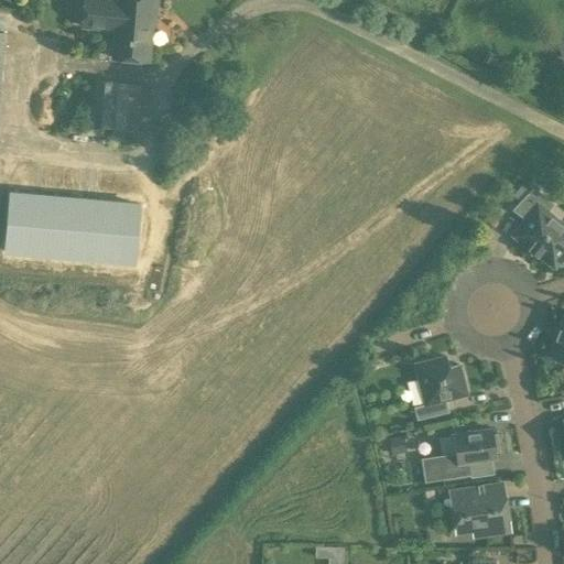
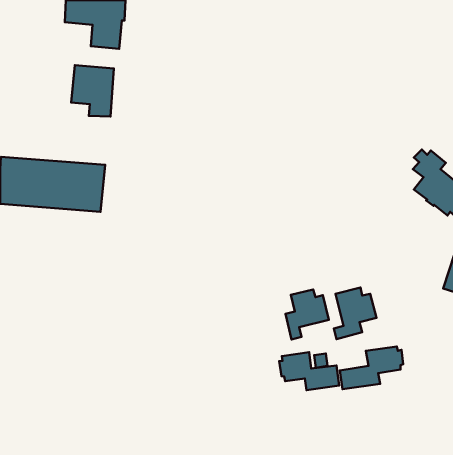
building: none -> [286,289,329,339]
building: none -> [279,352,339,390]
building: [452,482,512,534] -> none

